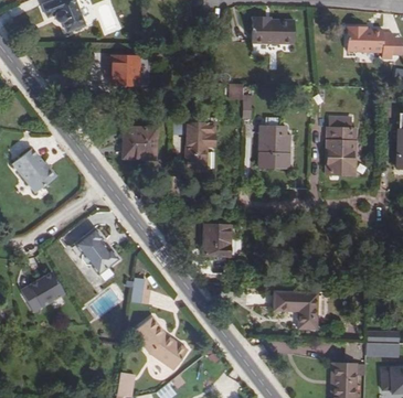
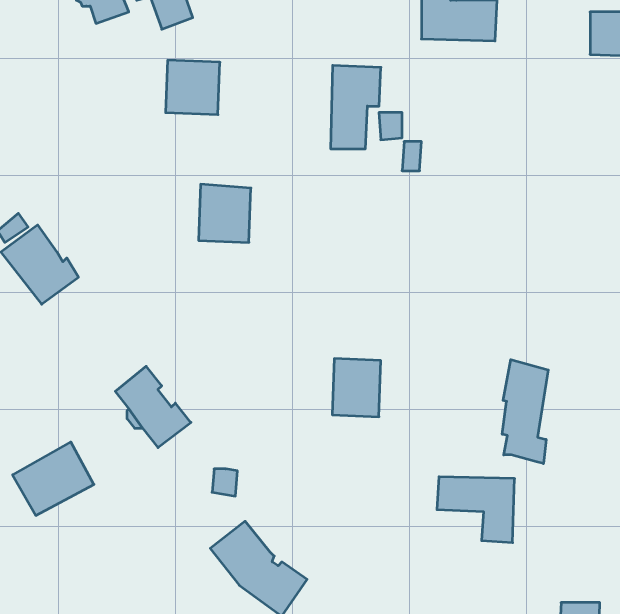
building: [187,122,215,170] -> [331,65,381,149]
building: [259,125,289,169] -> none
building: [328,128,358,174] -> none
building: none -> [502,360,548,464]

